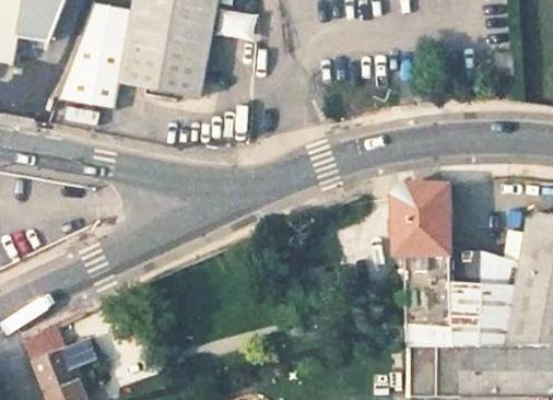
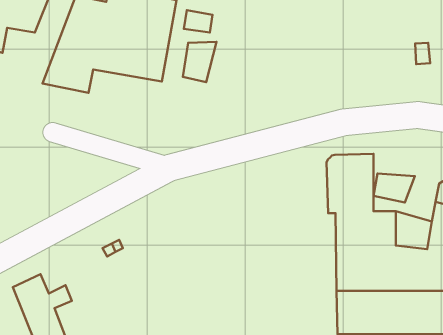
building: none -> [183,42,217,82]
building: none -> [374,173,415,202]

